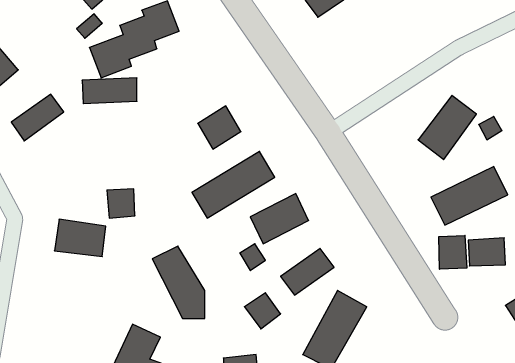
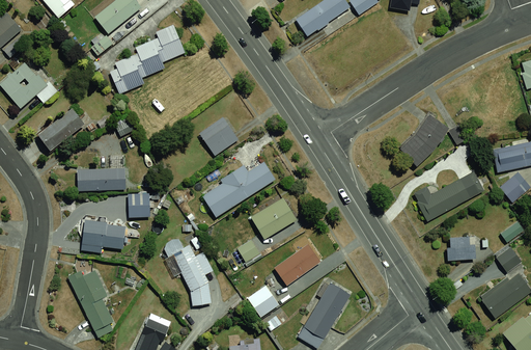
building: [82,78,137,104] -> [75,166,123,189]
building: [439,235,467,269] -> none
building: none -> [69,268,118,335]

